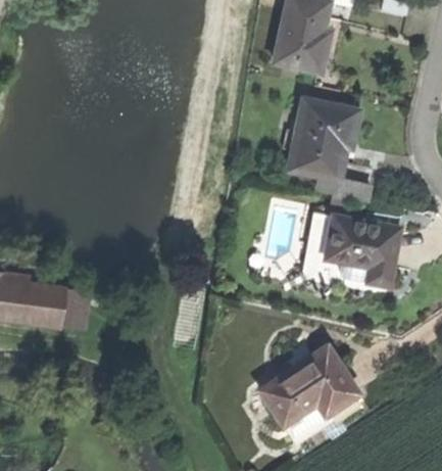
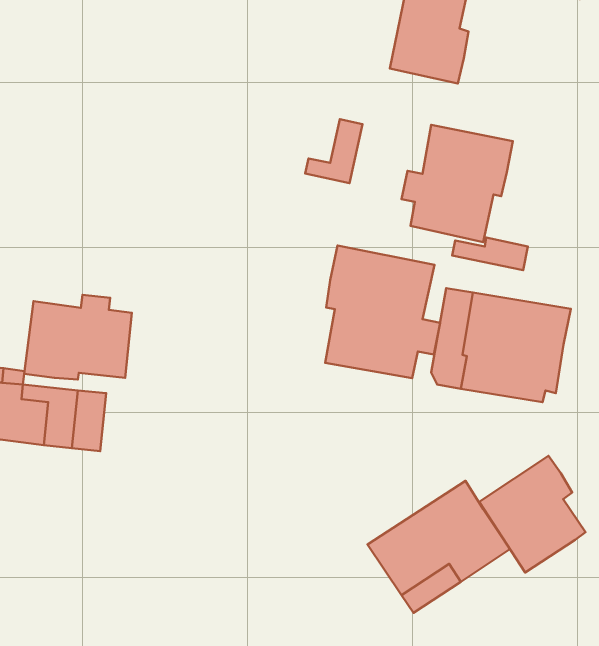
building: none -> [305,119,363,183]
building: none -> [325,245,440,378]
building: none -> [24,295,132,380]
building: none -> [479,456,586,573]

